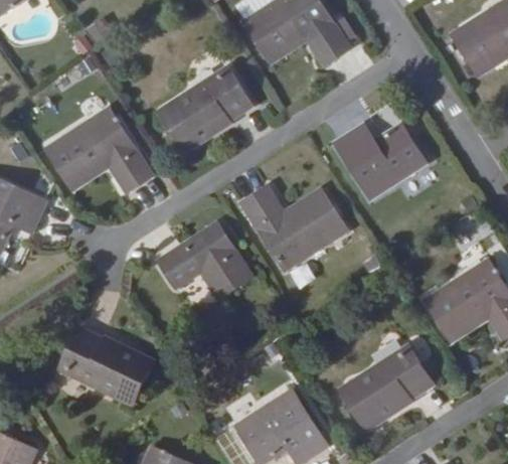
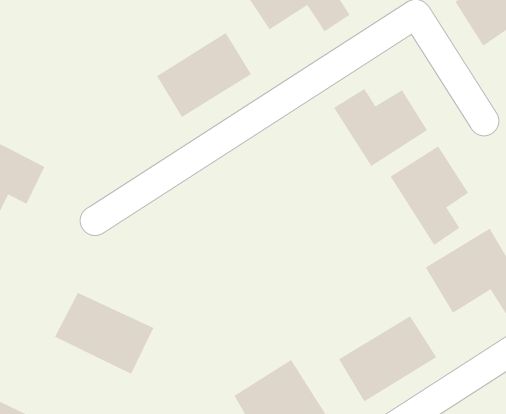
building: [43,107,152,193] -> none
building: none -> [390,146,469,246]
building: [242,183,349,270] -> none
building: [157,223,256,300] -> none

